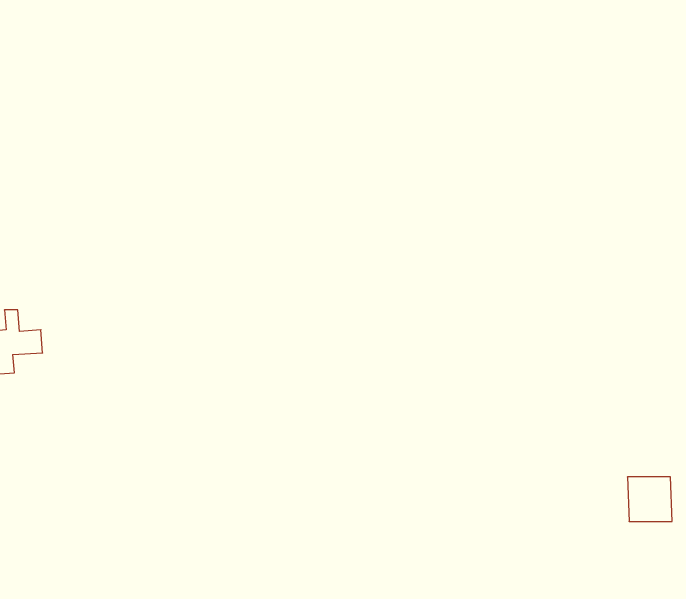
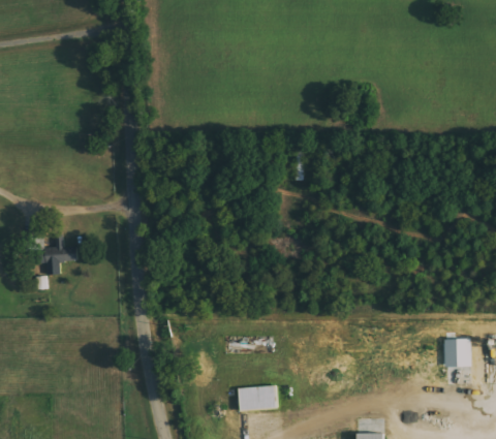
building: none -> [239,386,277,410]

